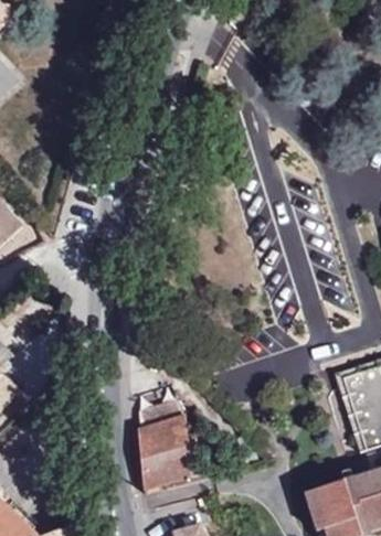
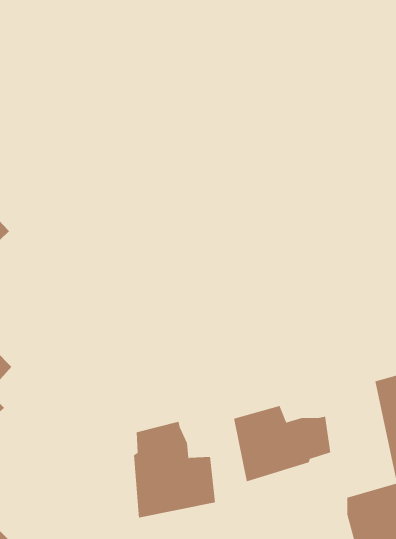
building: none -> [233,405,331,482]

